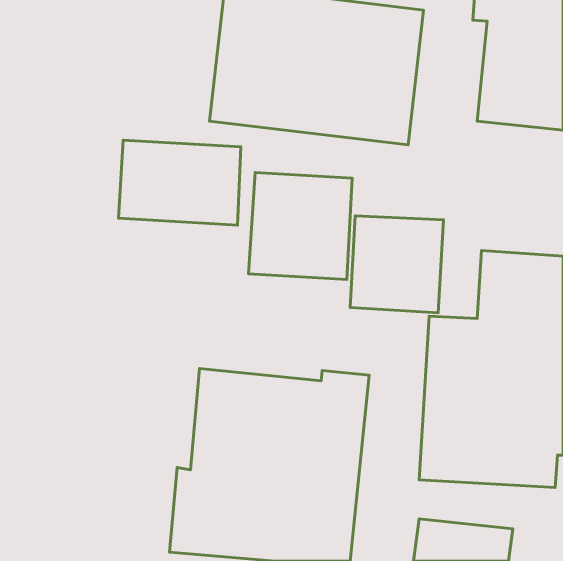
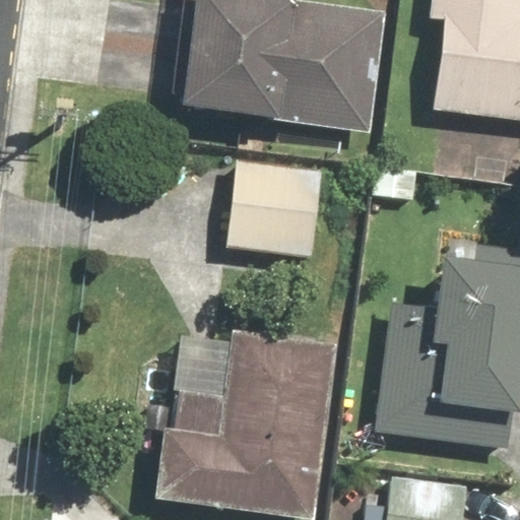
building: [118,140,241,225] -> none
building: [350,216,443,313] -> none

